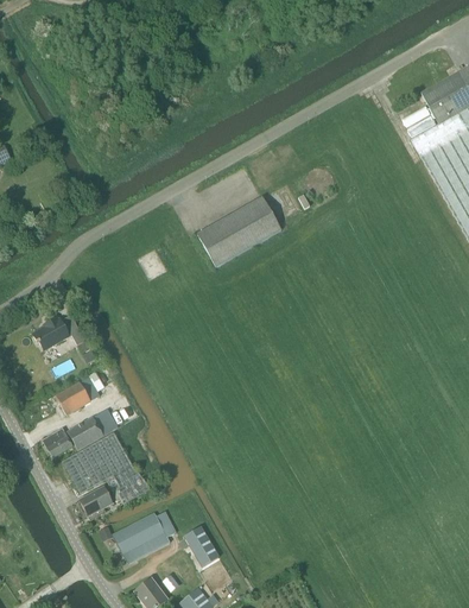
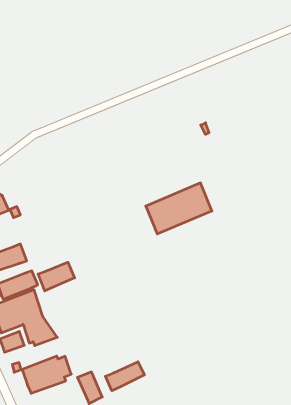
building: [197,196,281,267] -> [146,183,212,234]
building: none -> [38,262,75,291]
building: none -> [105,362,144,391]

